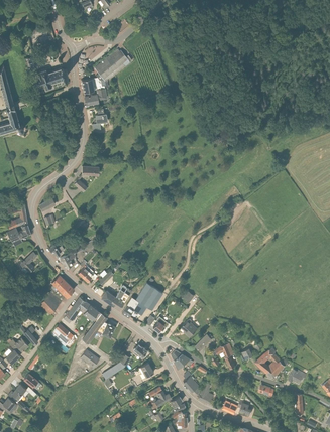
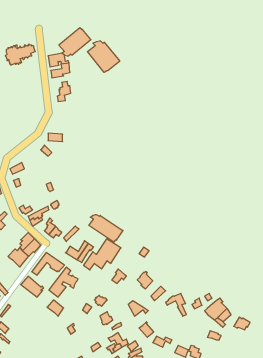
building: none -> [87,41,120,72]
building: none -> [89,215,123,242]

